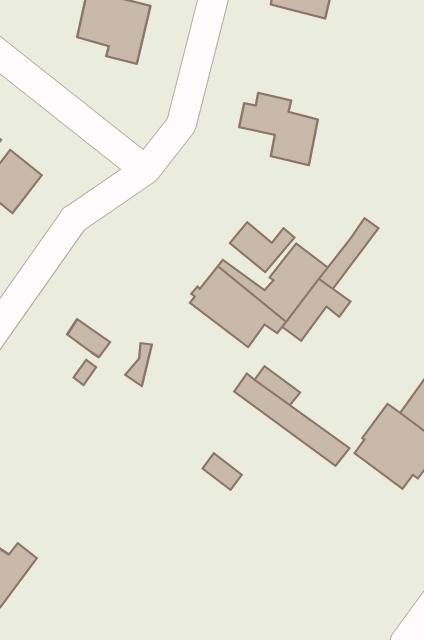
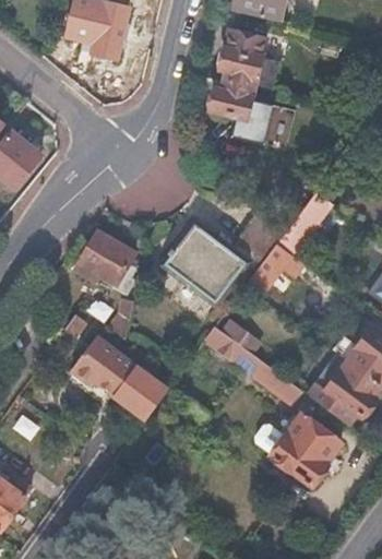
building: none -> [217,26,277,95]
building: [230,222,295,272] -> none
building: none -> [79,233,134,296]
building: none -> [72,337,167,418]
building: none -> [252,414,339,481]

